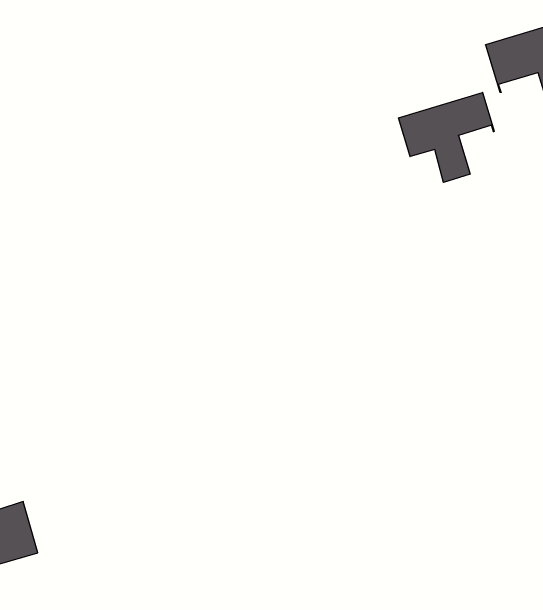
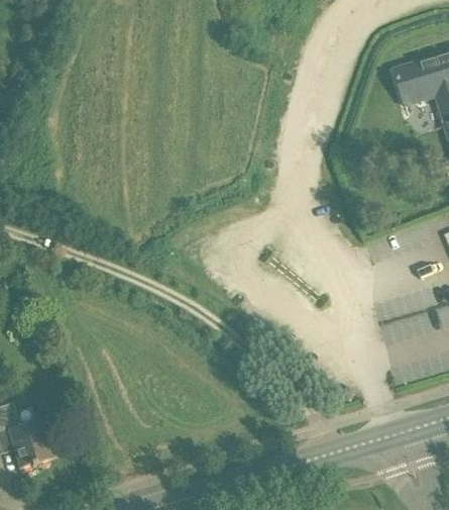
building: [399,92,494,182] -> none

